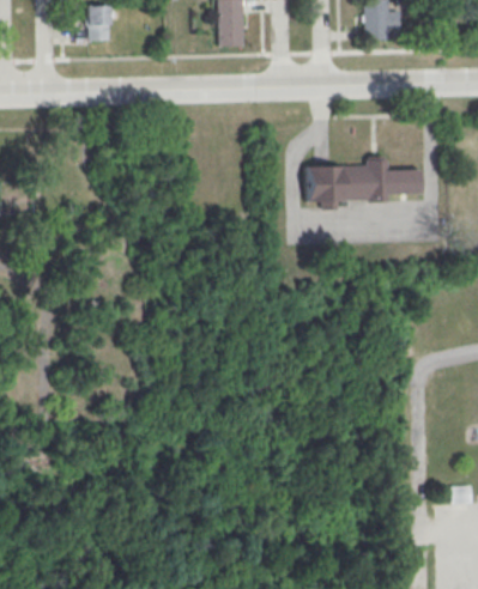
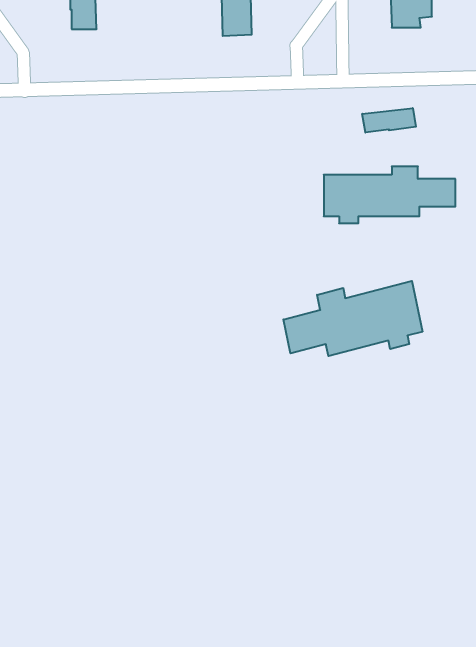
building: none -> [362,108,416,133]
building: none -> [283,281,422,356]

